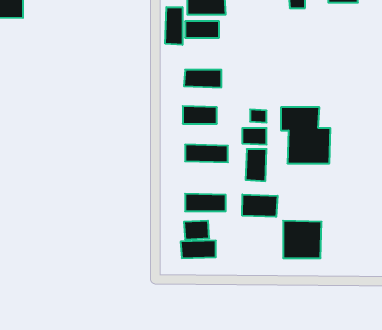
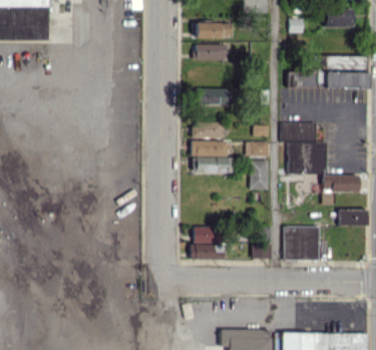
building: [165,7,182,45] -> none
building: none -> [316,54,368,86]
building: none -> [323,173,359,204]
building: [185,194,226,211] -> [192,139,229,155]
building: [242,194,278,217] -> none
building: none -> [339,208,367,225]

